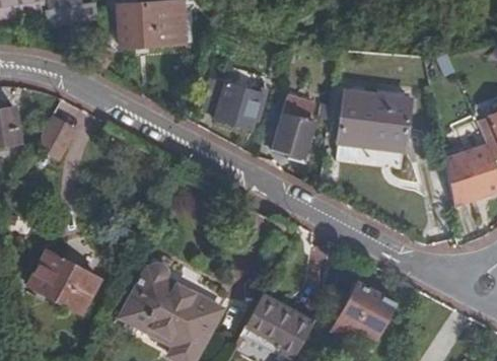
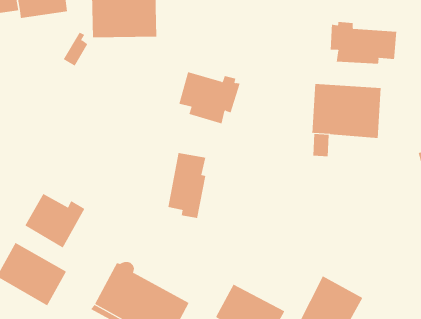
building: none -> [330,21,397,65]
building: [272,97,310,163] -> [168,152,206,218]
building: [36,118,76,161] -> none
building: none -> [25,193,85,248]

